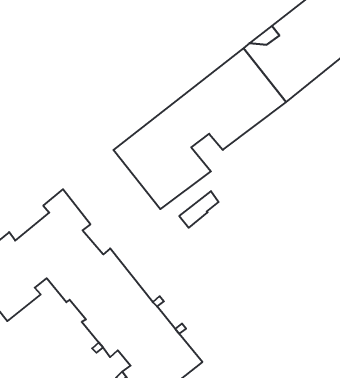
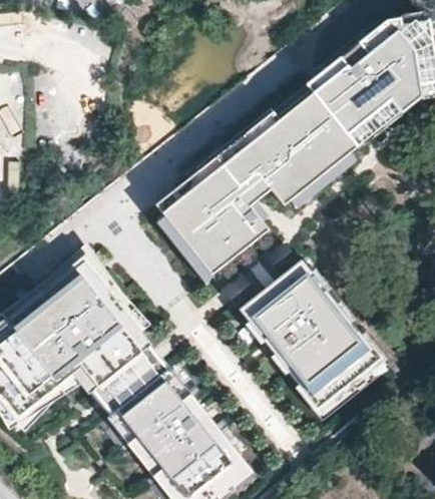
building: none -> [240,260,386,415]

